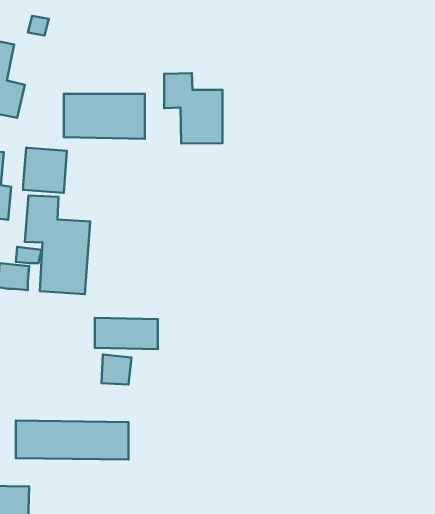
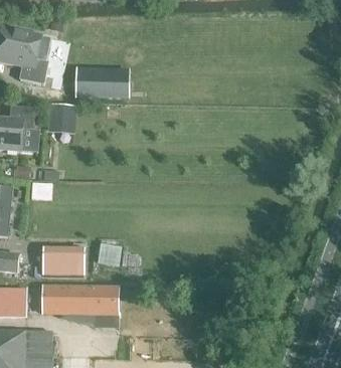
building: [164,73,222,144] -> none
building: [25,196,90,294] -> none
building: [95,318,158,349] -> [41,252,83,273]

